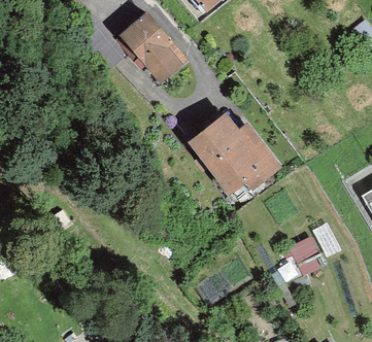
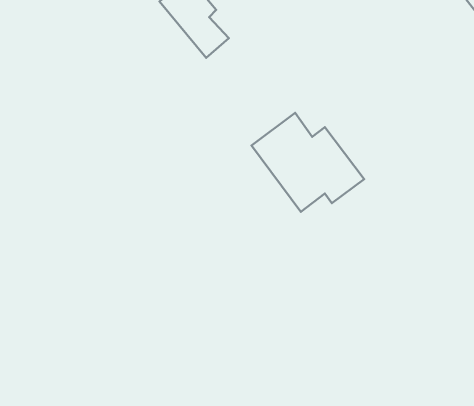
building: [288,234,326,275] -> none

